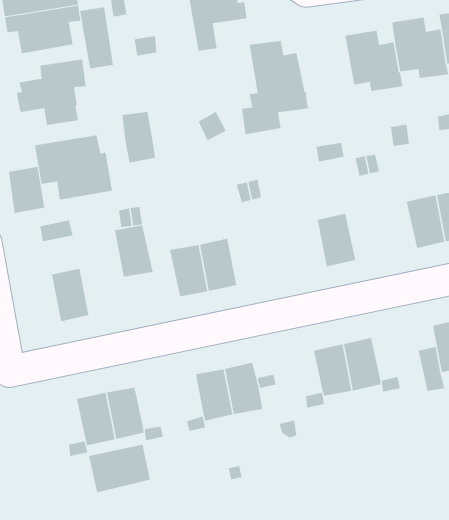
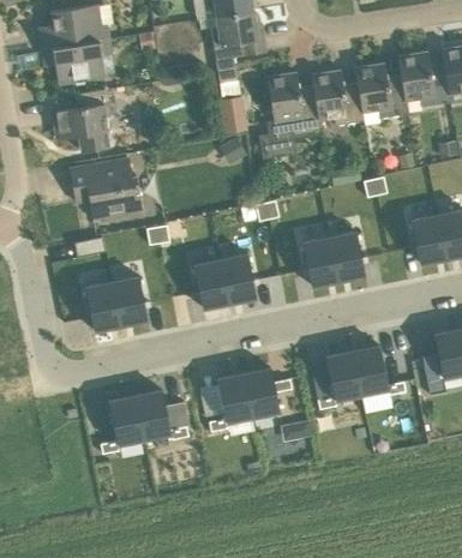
building: [80,7,114,69] -> none
building: none -> [311,70,364,126]
building: none -> [218,96,247,134]
building: [122,111,156,164] -> none
building: [9,166,45,214] -> none
building: none -> [302,236,337,284]
building: [114,225,153,277] -> [112,276,148,324]
building: [89,444,150,493] -> none

